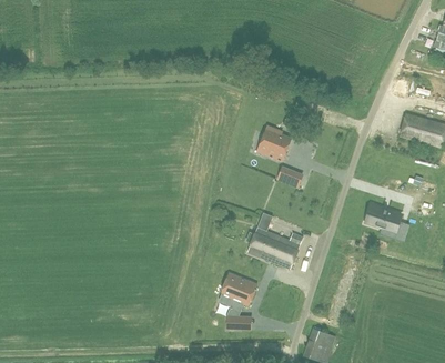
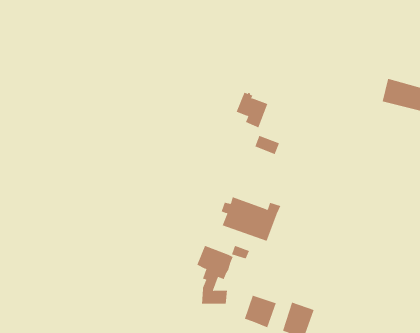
building: [365,203,401,230] -> none
building: none -> [244,295,276,328]

